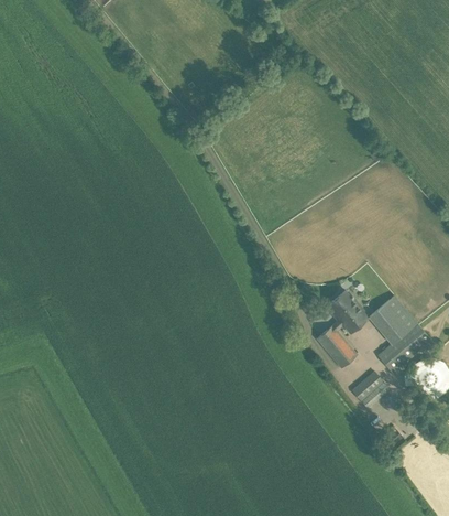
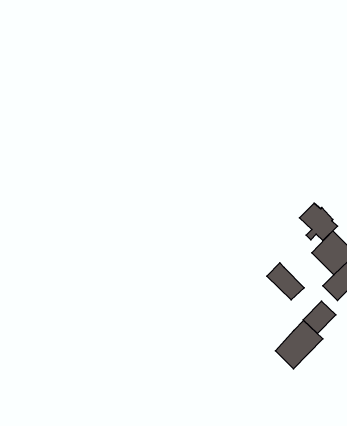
building: [326,290,366,332] -> [300,203,337,241]
building: none -> [275,320,323,369]

